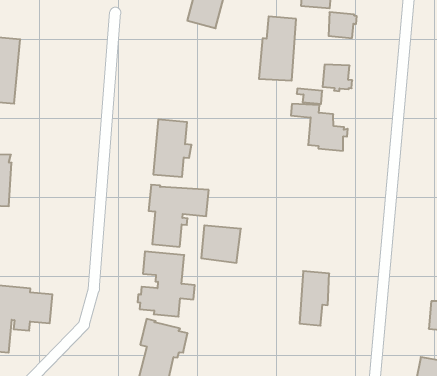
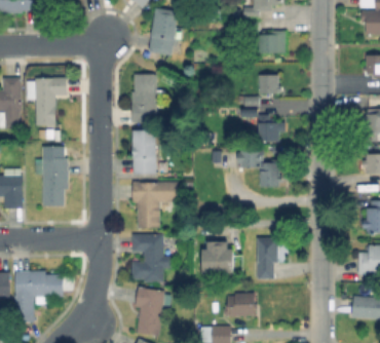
building: [259,16,296,81] -> [131,74,157,123]
building: none -> [27,78,68,125]
building: none -> [36,149,69,206]
building: none -> [238,150,282,188]
building: [201,225,241,263] -> [204,247,233,274]
building: none -> [224,294,254,316]

